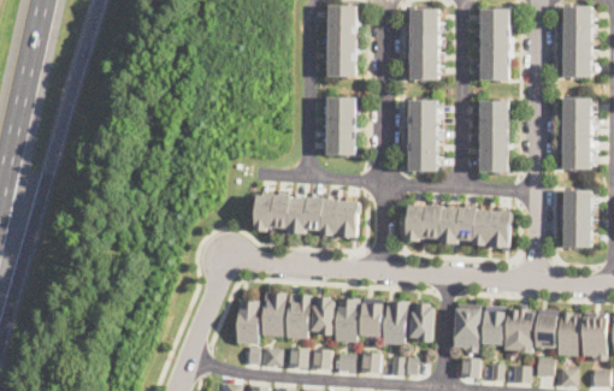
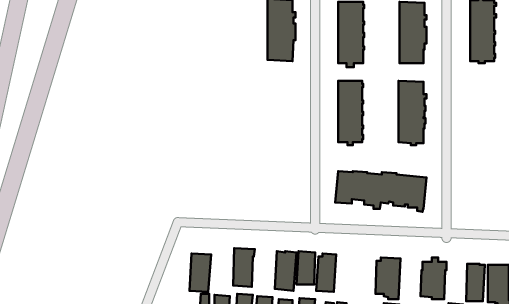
building: [560,96,590,172] -> none
building: [326,97,359,158] -> none
building: [561,186,591,250] -> none
building: [255,195,360,242] -> none
building: [262,291,287,336] -> none
building: [311,296,335,336] -> none
building: [408,302,433,342] -> none
building: [480,306,503,344] -> none
building: [535,309,556,348] -> none

